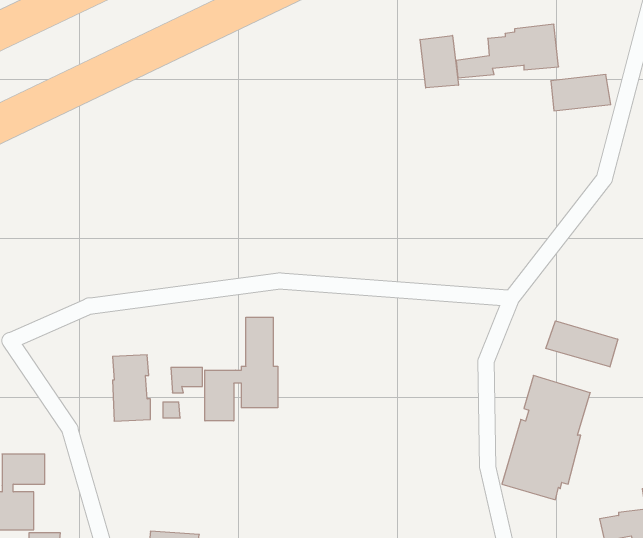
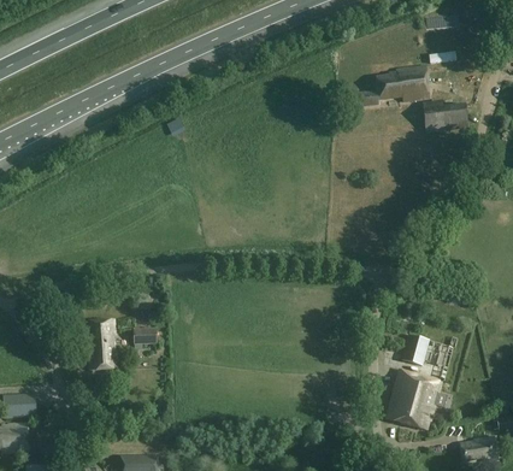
building: [420,35,458,88] -> none
building: [205,317,278,421] -> none
building: [546,321,618,367] -> none

